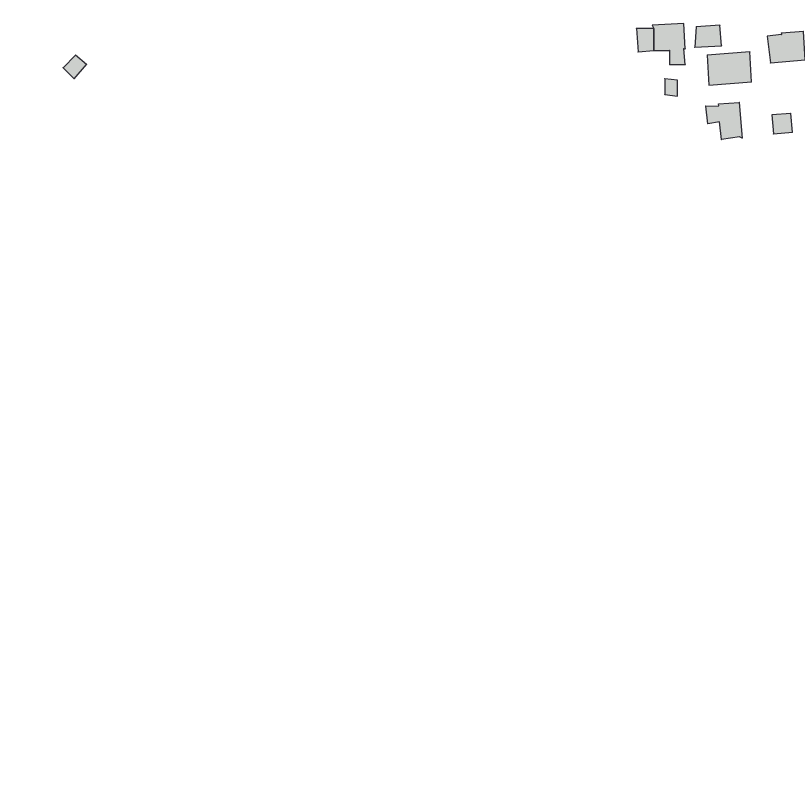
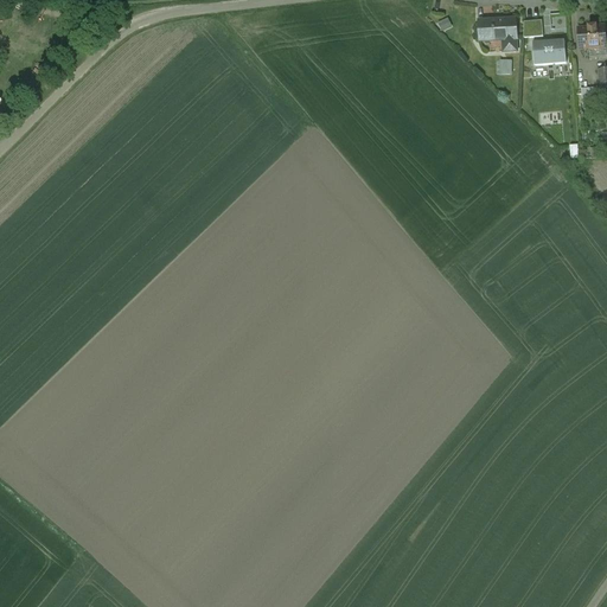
building: [706,102,742,140] -> none

